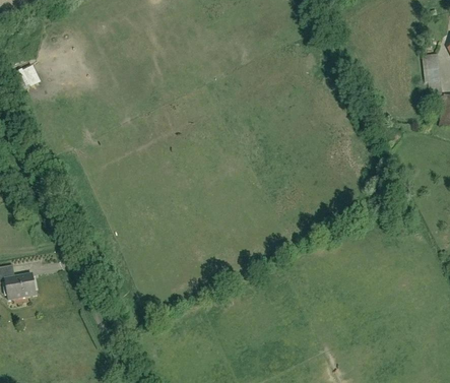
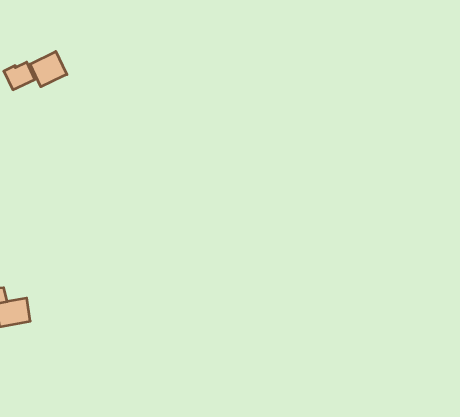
building: none -> [30,51,67,87]

